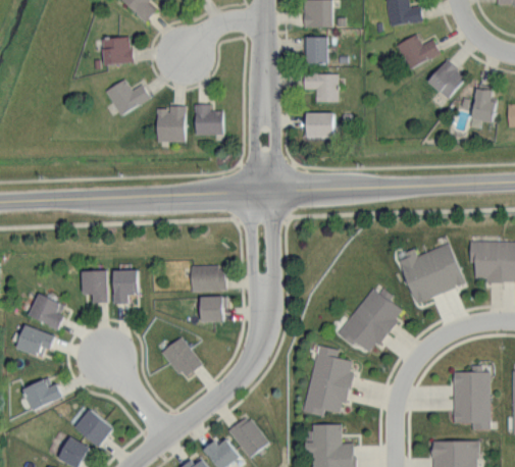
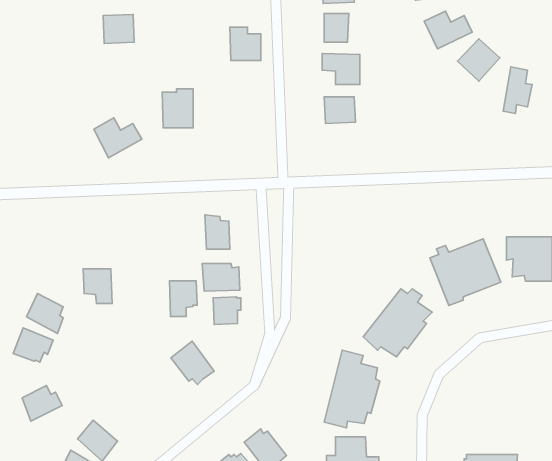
building: [104,80,148,116] -> [94,118,142,158]
building: [192,104,220,135] -> [230,27,261,61]
building: none -> [205,215,230,249]
building: [113,271,139,304] -> [169,281,197,316]
building: [454,366,490,429] -> none

